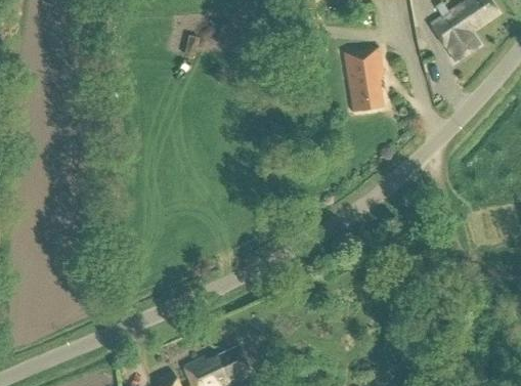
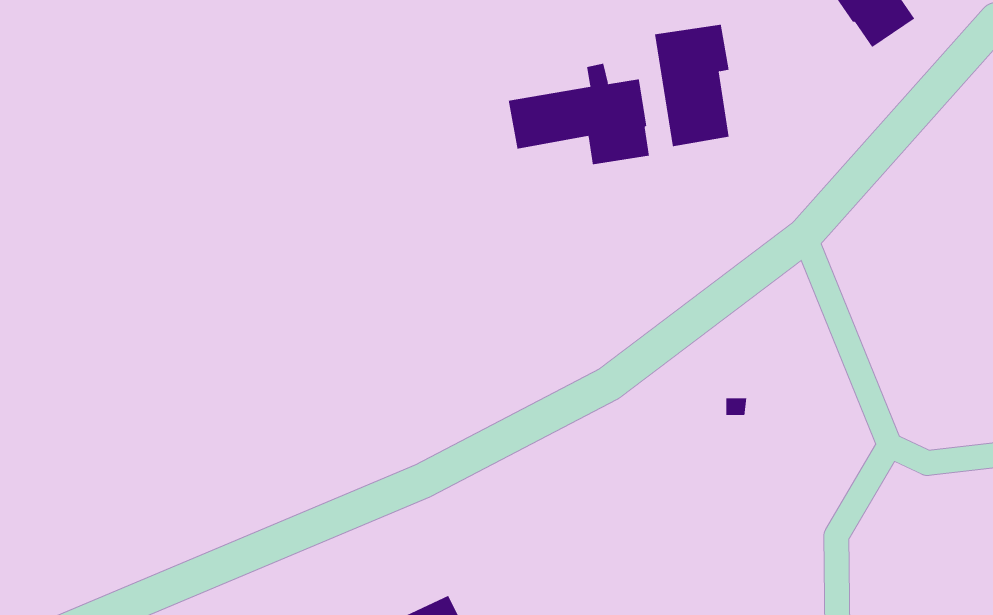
building: none -> [508,63,649,165]

